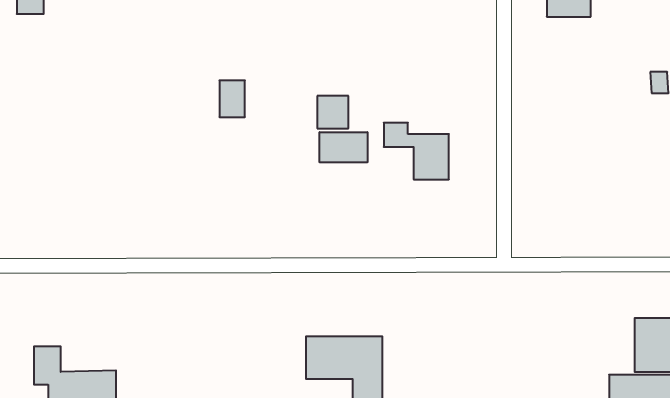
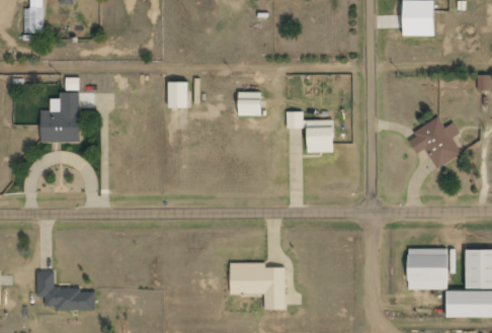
building: none -> [39,92,79,143]
building: [320,132,367,162] -> none
building: none -> [406,118,462,168]
building: none -> [407,249,446,290]

